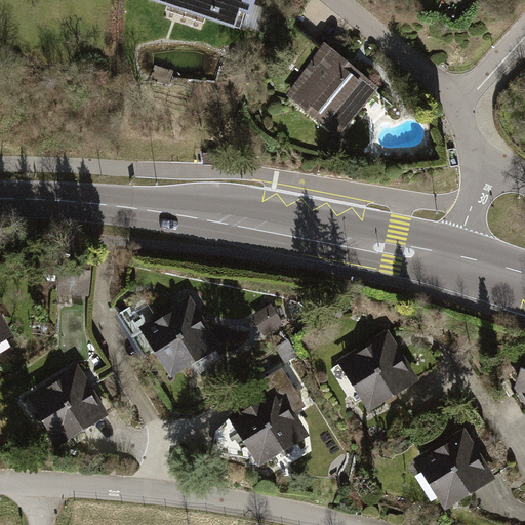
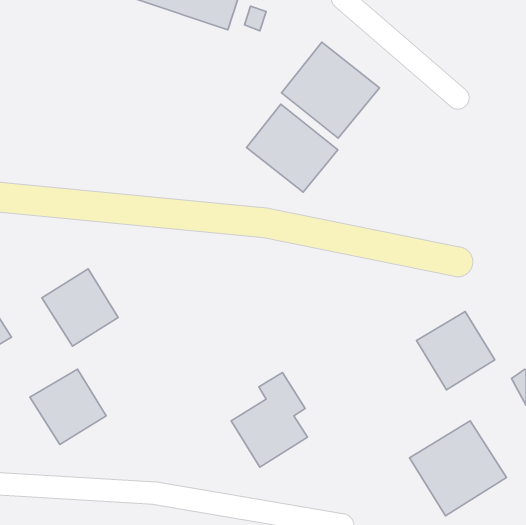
building: none -> [246,104,338,192]
building: [142,298,217,375] -> [42,269,118,346]
building: [340,333,418,411] -> [417,312,495,390]

